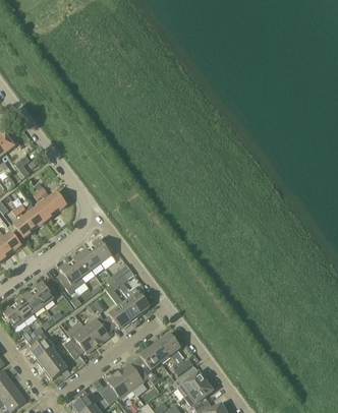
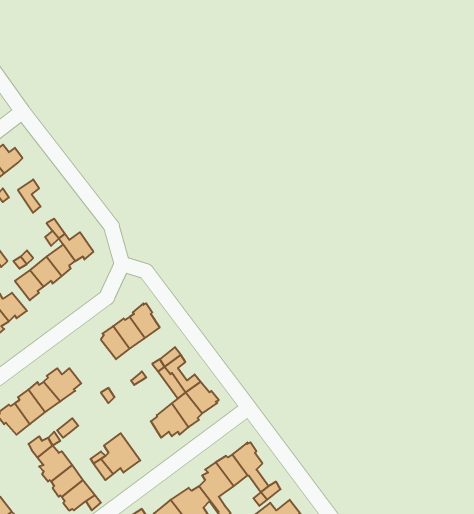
building: [57,263,81,293] -> none
building: [83,317,111,345] -> none

